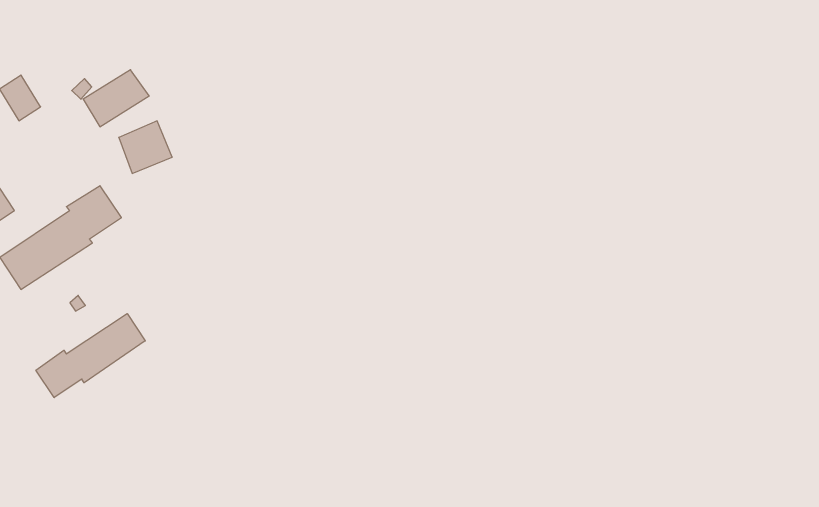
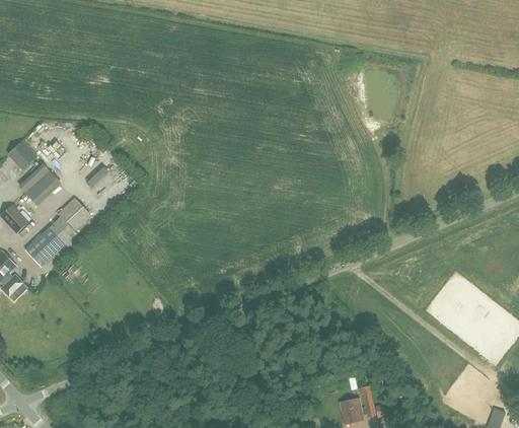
building: [83,70,149,127] -> [24,169,62,205]
building: [36,314,145,398] -> none

